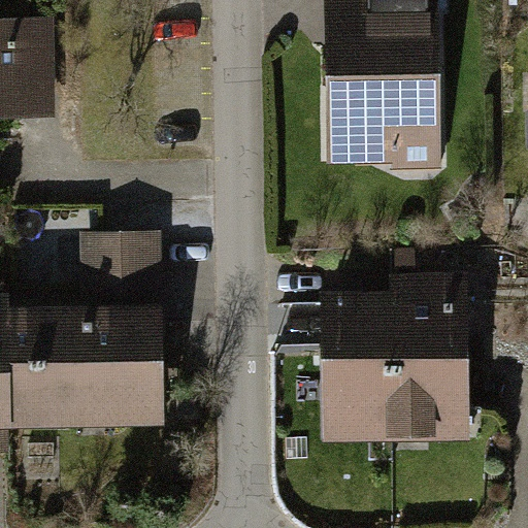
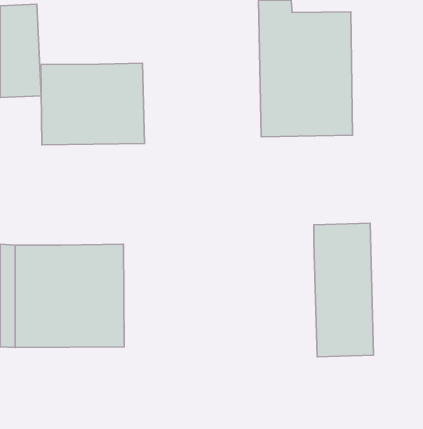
building: none -> [41,63,144,145]
building: [81,229,159,301] -> none
building: [321,298,397,440] -> none

